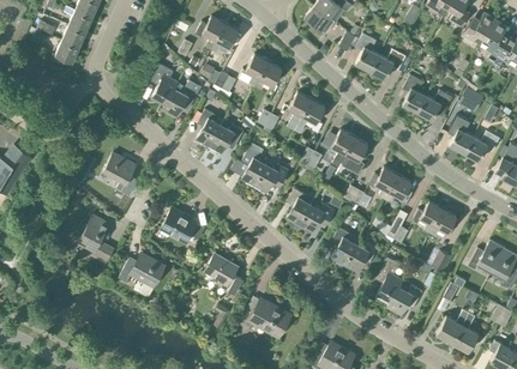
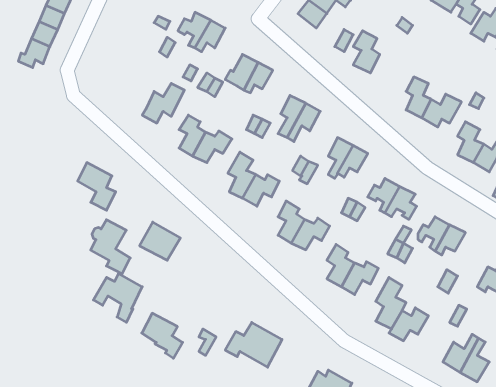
building: [371,48,405,79] -> none
building: [151,63,178,103] -> none
building: [78,214,114,264] -> [91,220,130,274]
building: [206,254,244,295] -> [142,313,183,358]

